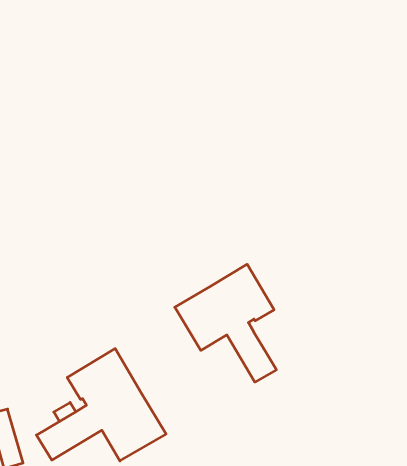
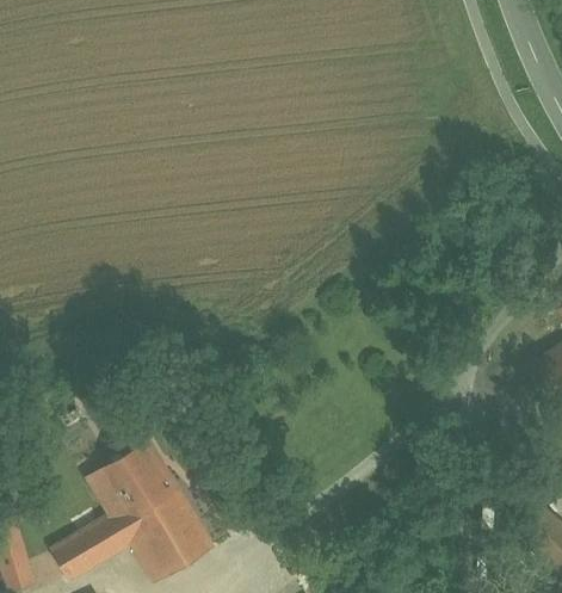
building: [175,264,276,382] -> none

